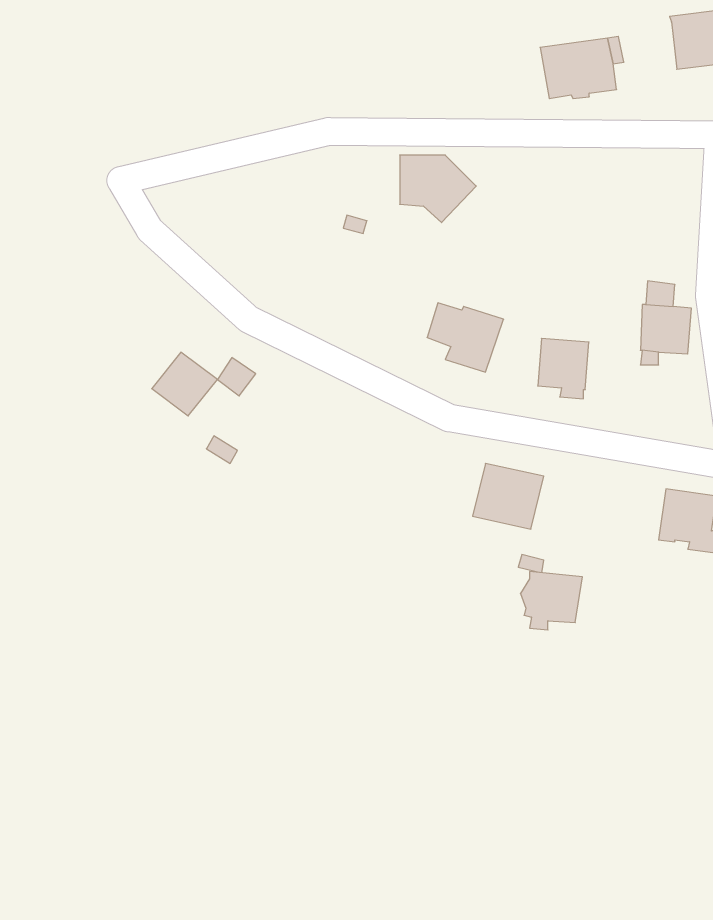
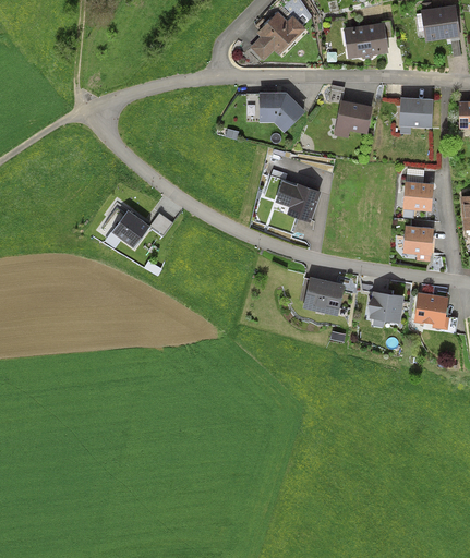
building: none -> [249,11,305,61]
building: none -> [398,97,433,134]
building: none -> [333,100,372,138]
building: [538,338,589,399] -> [402,226,433,262]
building: [520,572,582,630] -> [366,292,403,327]

